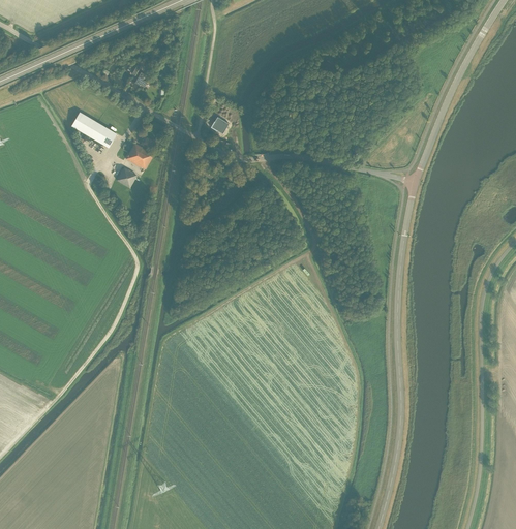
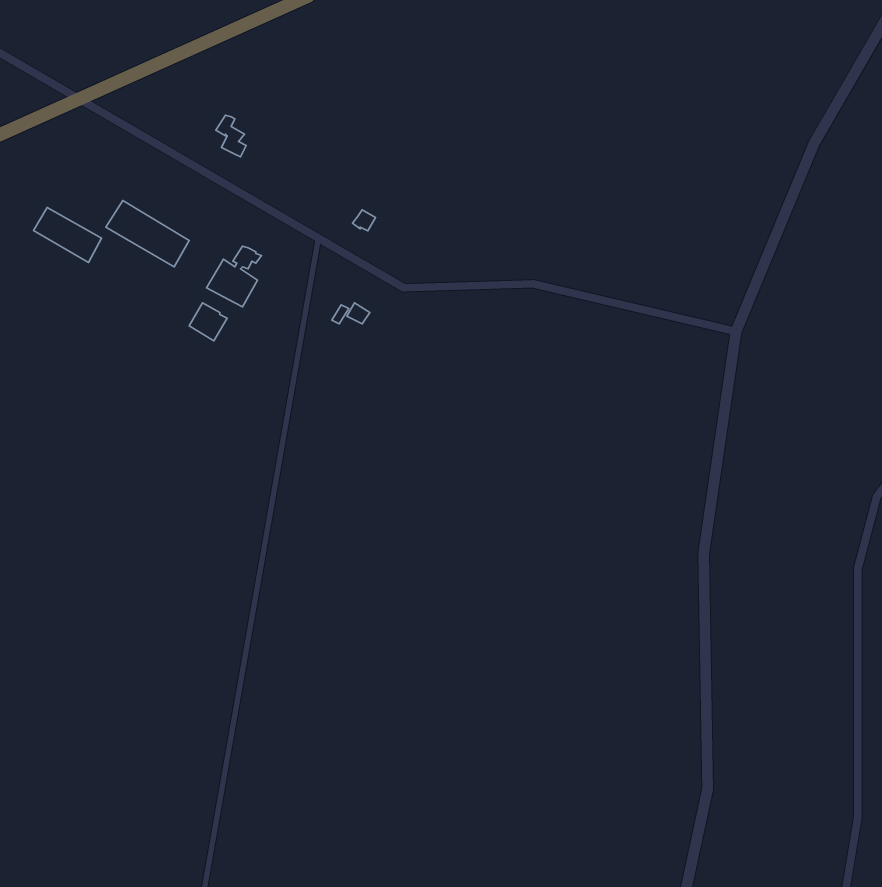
building: none -> [34,208,101,263]

